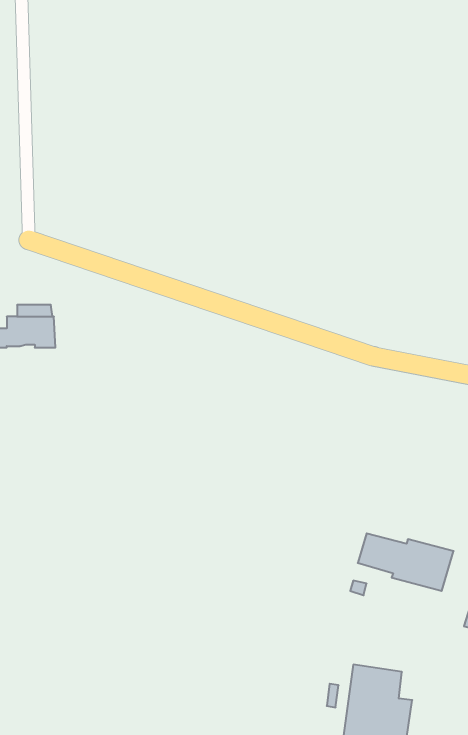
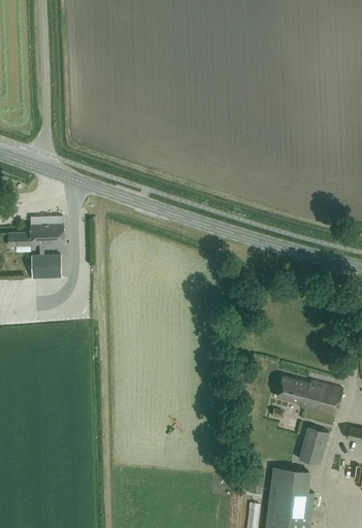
building: none -> [31,244,61,278]
building: none -> [298,428,328,465]

